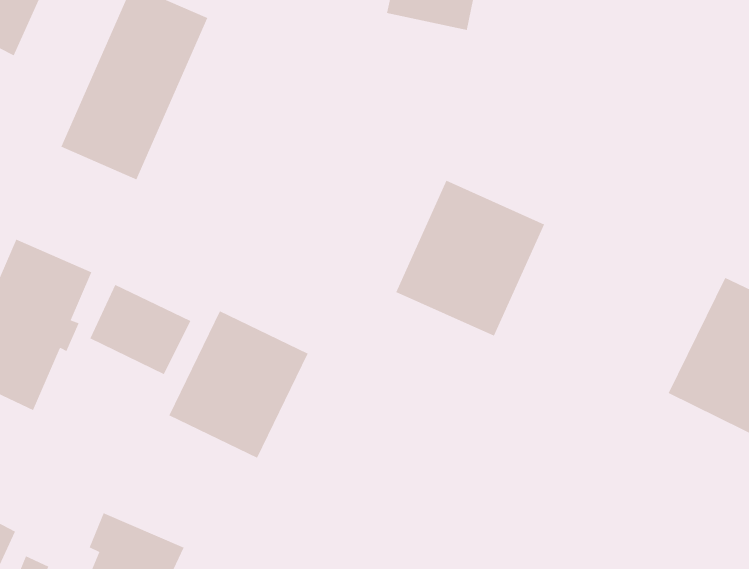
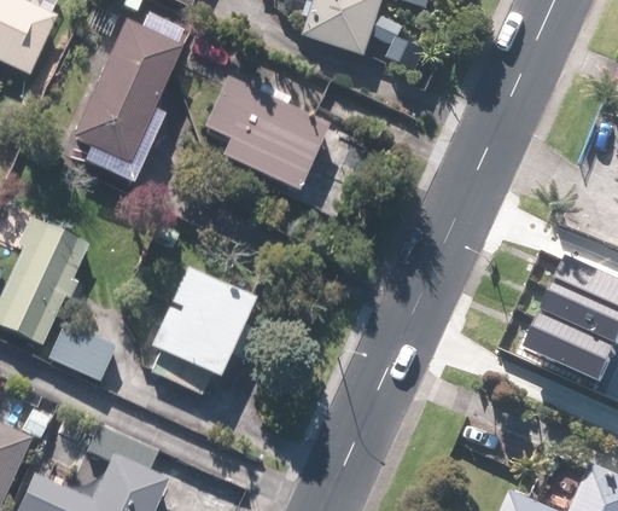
building: none -> [196,81,326,199]
building: [396,180,545,337] -> none
building: [89,284,191,375] -> [46,318,123,387]

